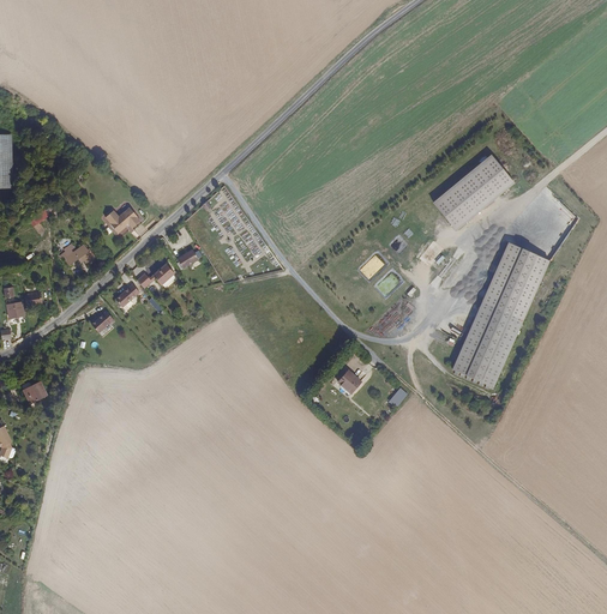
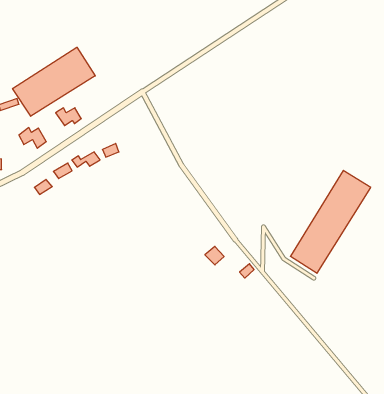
building: none -> [13,47,95,116]
building: [432,154,515,231] -> none

